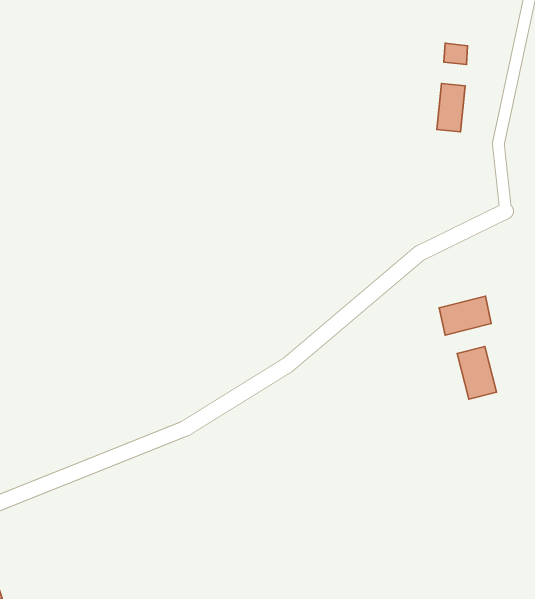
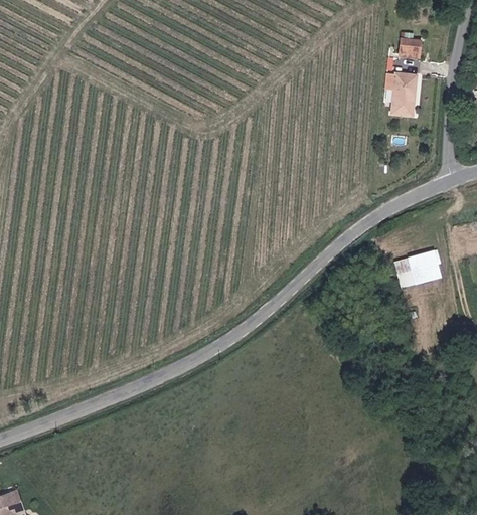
building: [457,346,497,399] -> none

